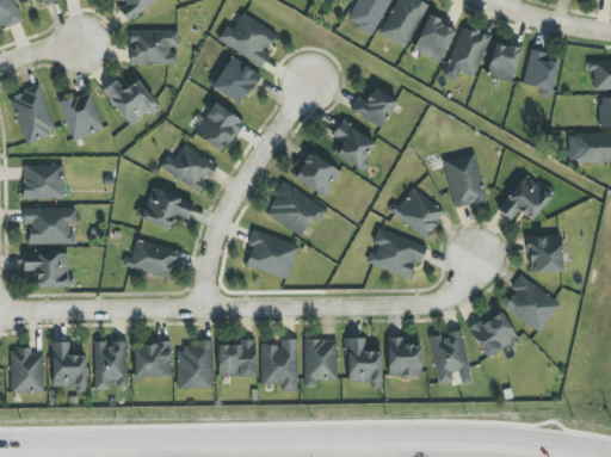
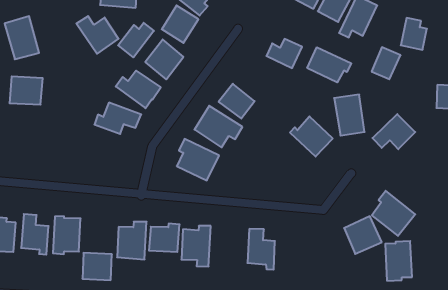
building: [486,41,521,81] -> [372,47,401,79]
building: none -> [118,23,154,57]
building: [60,91,103,140] -> none
building: none -> [307,47,351,82]
building: [332,121,375,168] -> none
building: [23,206,75,243] -> none
building: [368,227,426,278] -> none
building: [527,234,562,272] -> none
building: [123,239,177,277] -> none
building: [23,252,73,286] -> none
building: [431,329,469,383] -> [385,241,412,281]
building: [388,336,421,376] -> none
building: [304,339,337,387] -> none
building: [134,342,172,377] -> [82,253,112,280]

